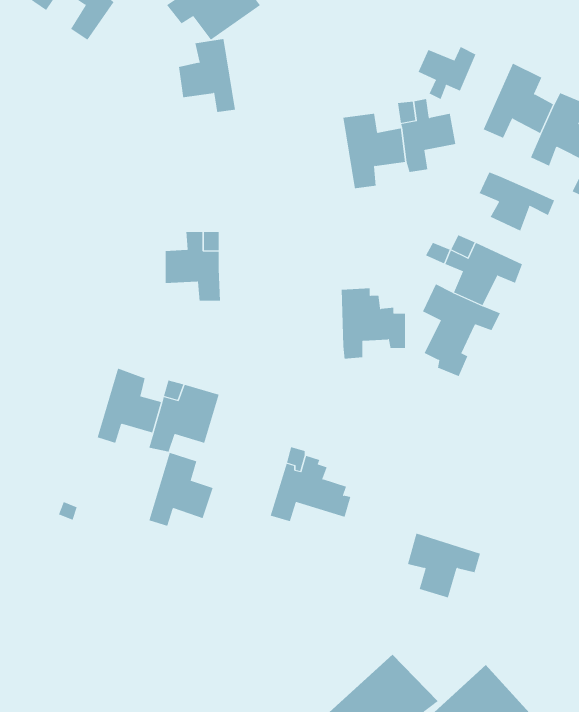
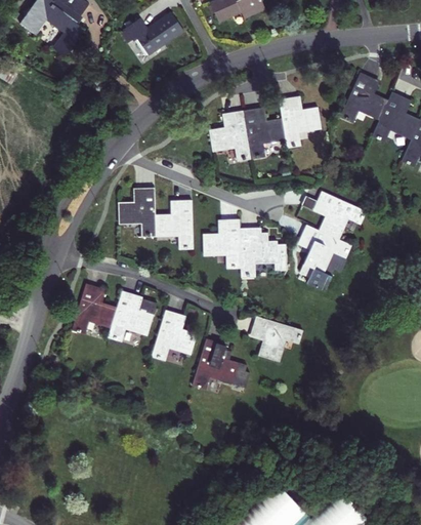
building: [178,39,236,113] -> [210,110,250,161]
building: [418,46,476,100] -> none
building: [479,172,555,231] -> none
building: none -> [157,199,194,249]
building: none -> [204,219,242,268]
building: [148,452,214,526] -> [152,310,197,361]
building: [407,533,481,598] -> [251,316,302,361]

